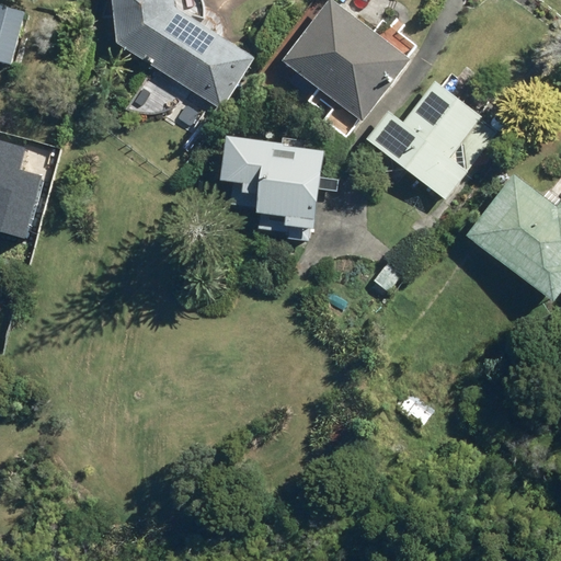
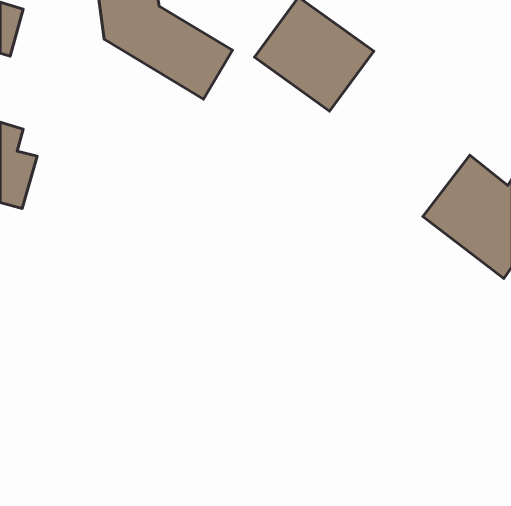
building: [365,78,501,199] -> none
building: [217,136,323,231] -> none

